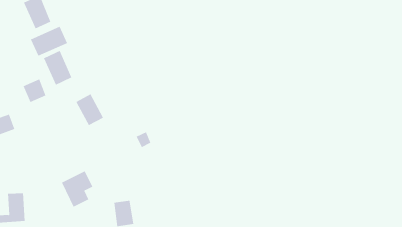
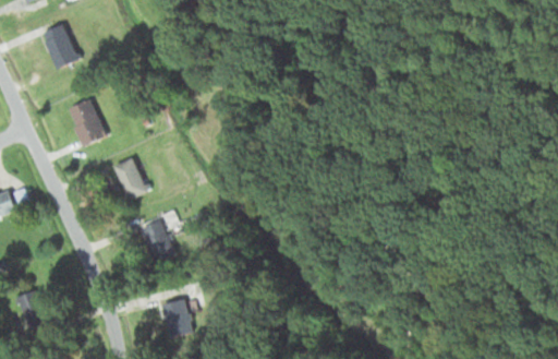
building: [30,26,68,56] -> none
building: [23,78,46,103] -> none
building: [61,171,93,208] -> [138,211,182,261]

